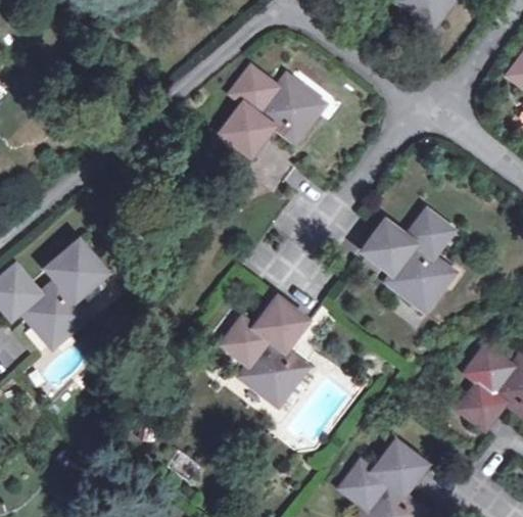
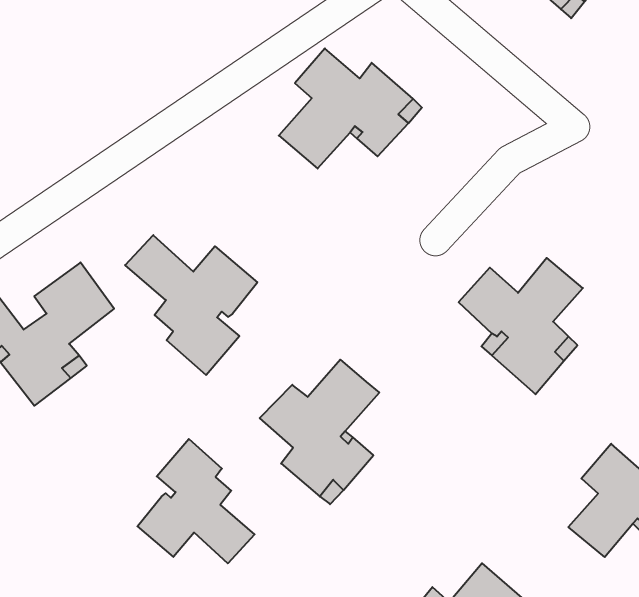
building: none -> [125,235,257,375]
building: none -> [137,439,255,563]

